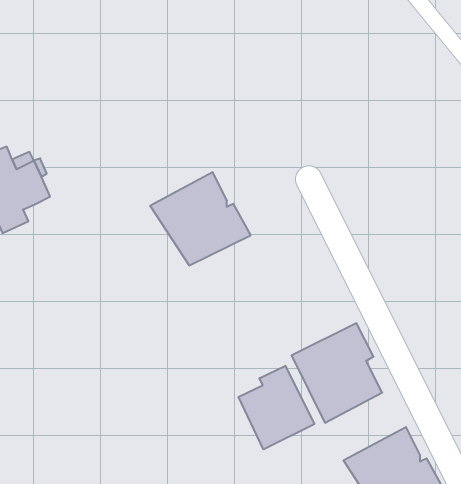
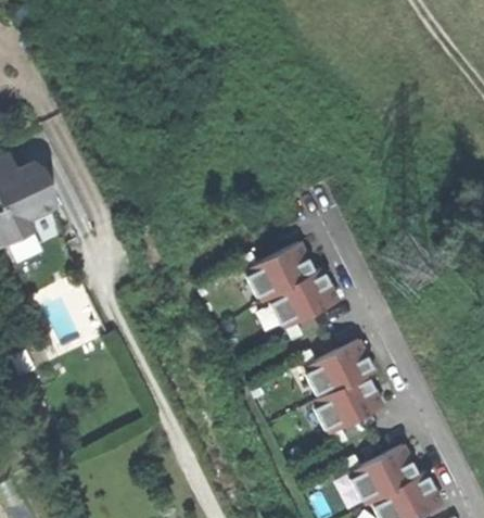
building: [150,172,251,265] -> [238,239,339,332]
building: [239,366,314,449] -> none

